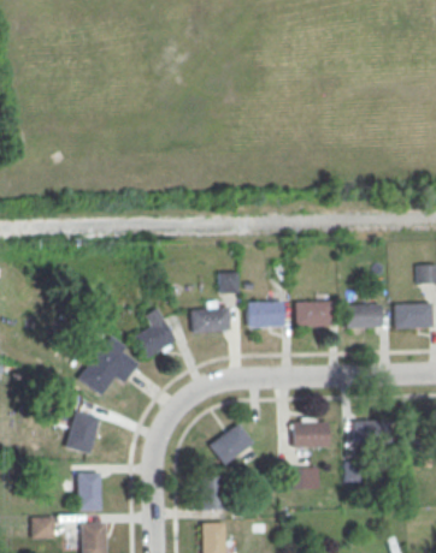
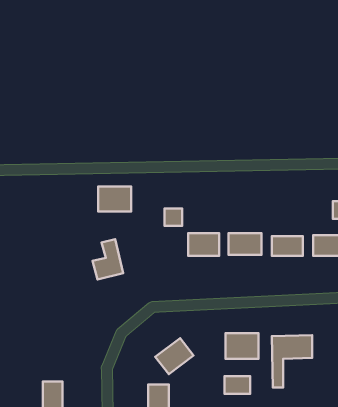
building: [193,303,231,332] -> [98,187,131,211]
building: [79,337,142,396] -> none
building: [64,409,102,454] -> none

